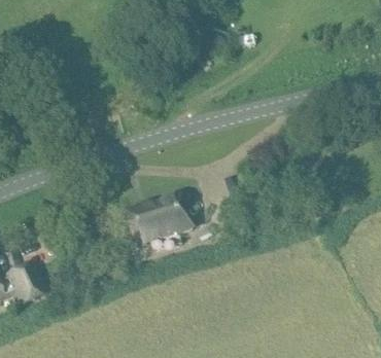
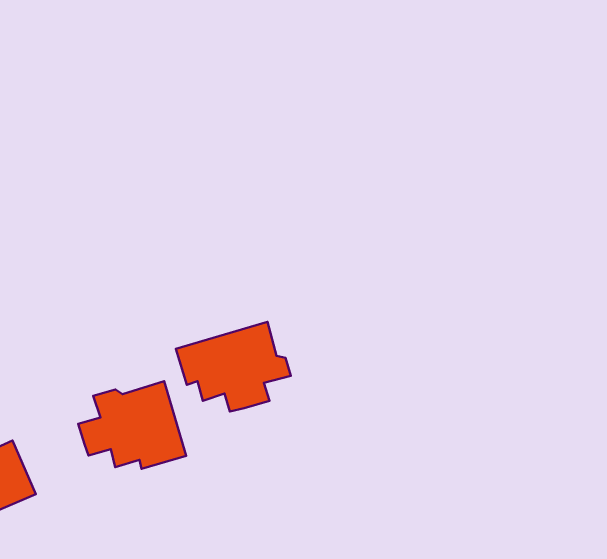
building: none -> [78,381,186,469]

